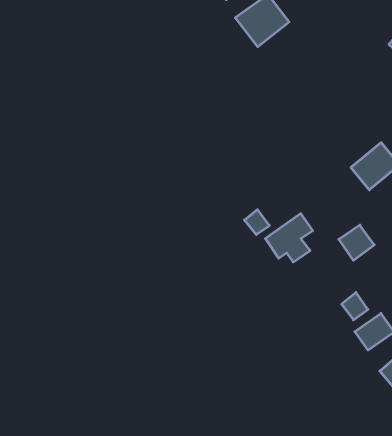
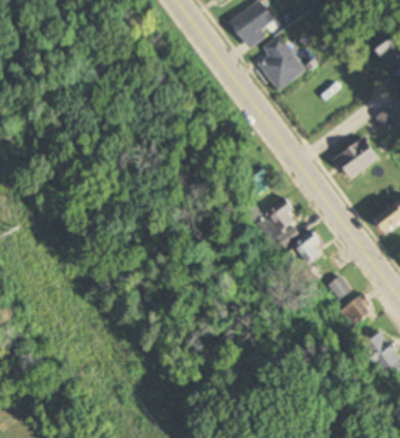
building: none -> [257,34,306,90]
building: [339,225,374,260] -> [292,230,325,263]

